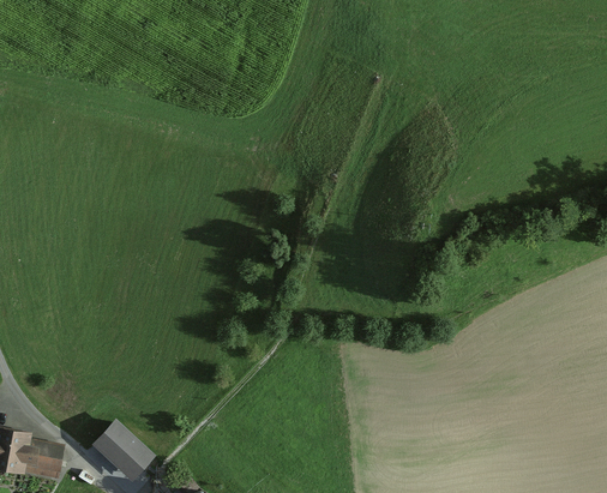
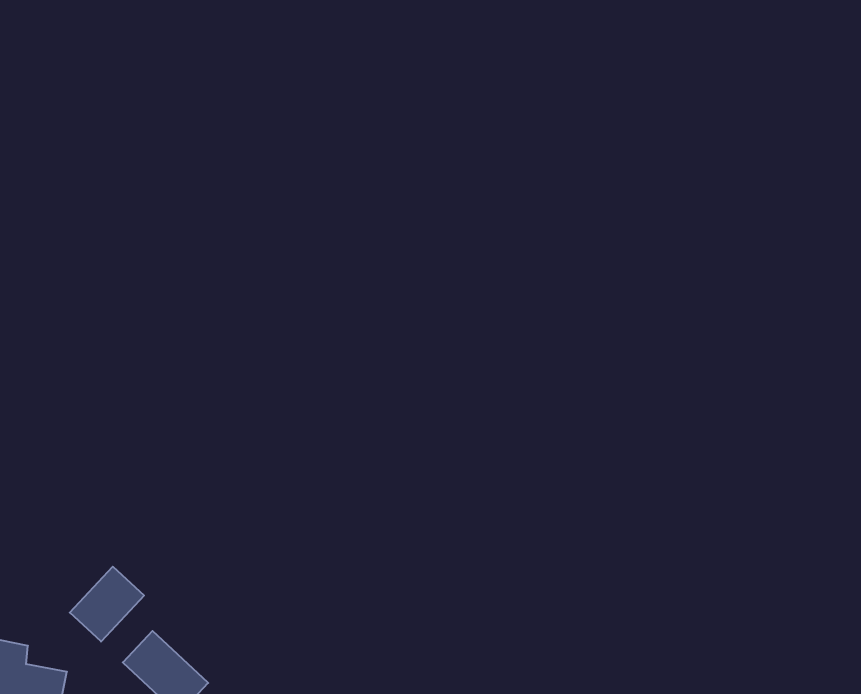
building: none -> [70,567,144,642]

